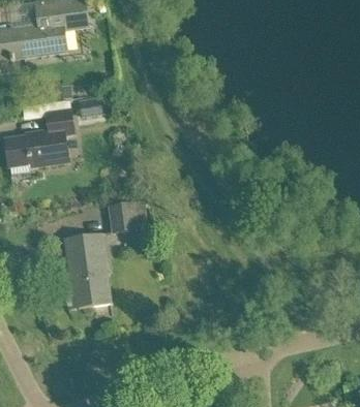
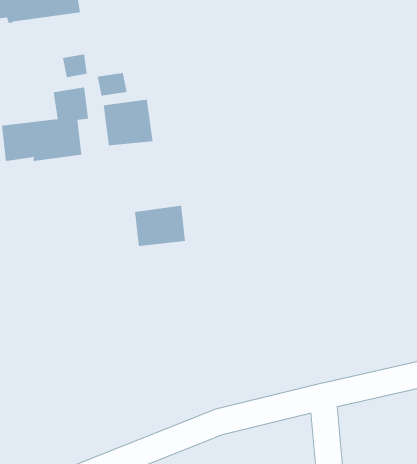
building: none -> [103,99,153,146]
building: [64,232,111,309] -> none

